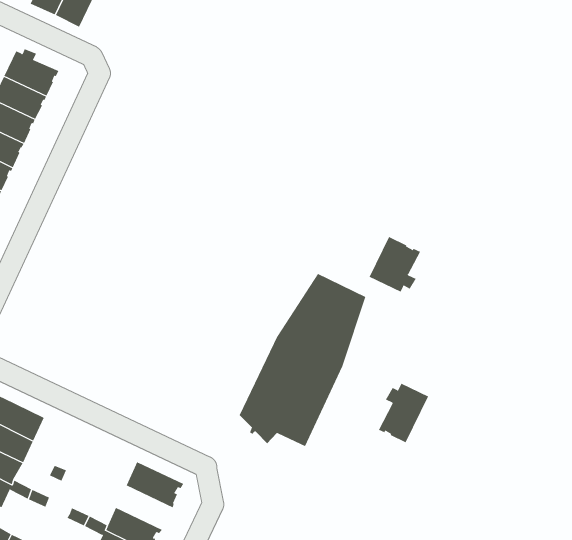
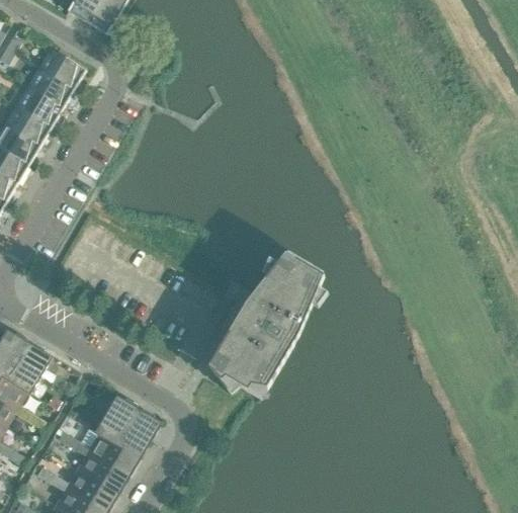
building: [369,236,421,292] -> none
building: [378,383,429,443] -> none
building: none -> [98,416,146,455]

